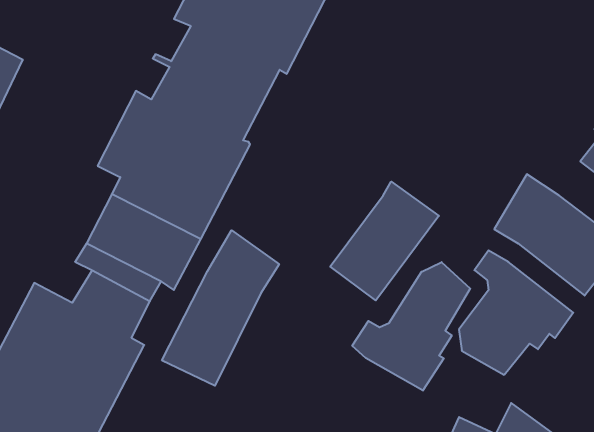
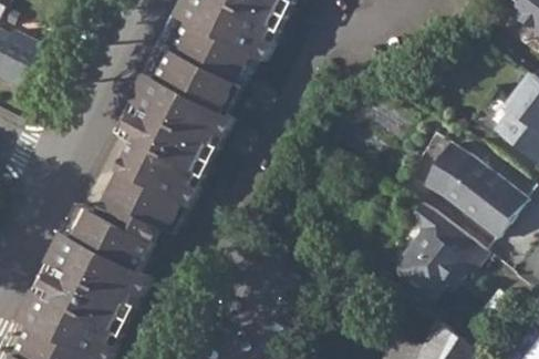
building: [330,182,439,300] -> none
building: [162,230,279,386] -> none
building: [352,262,470,391] -> none

